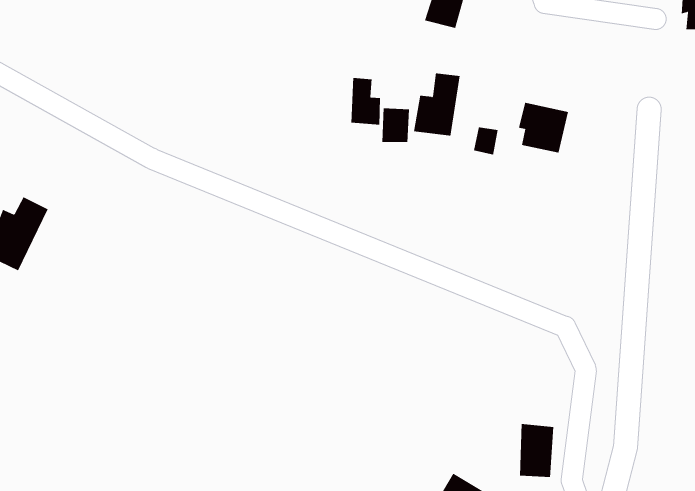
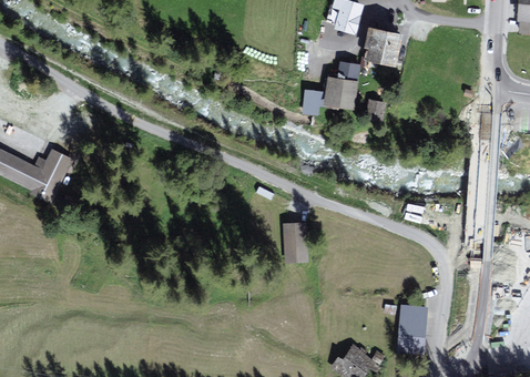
building: [351,77,381,126] -> none
building: [518,102,569,153] -> [365,29,400,64]
building: none -> [284,224,307,261]

